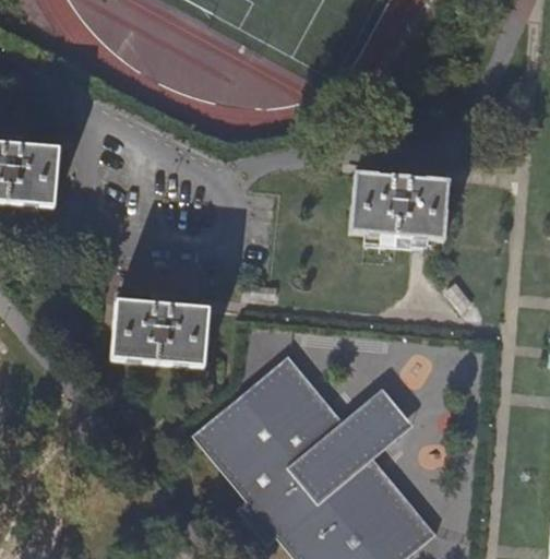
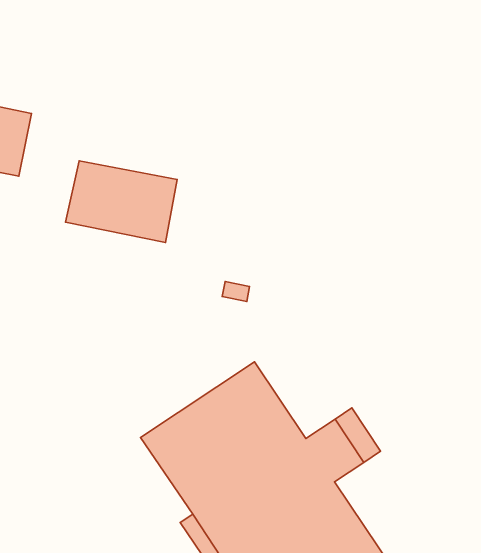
building: [349,175,447,249] -> none
building: [110,301,208,368] -> [66,161,177,242]

